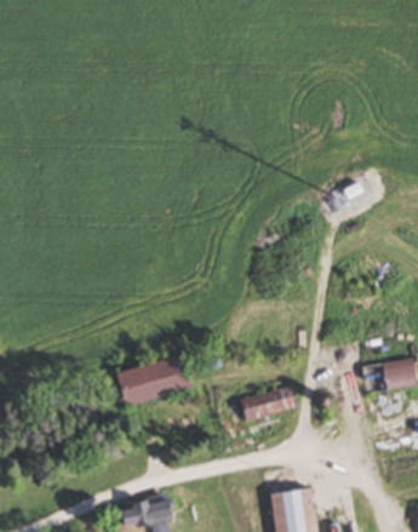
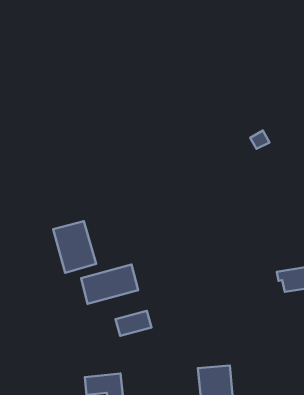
building: none -> [53,221,96,273]
building: [240,388,287,421] -> [116,311,151,336]

